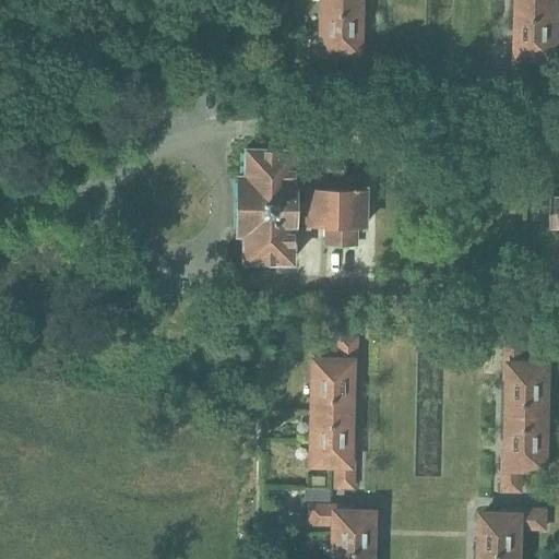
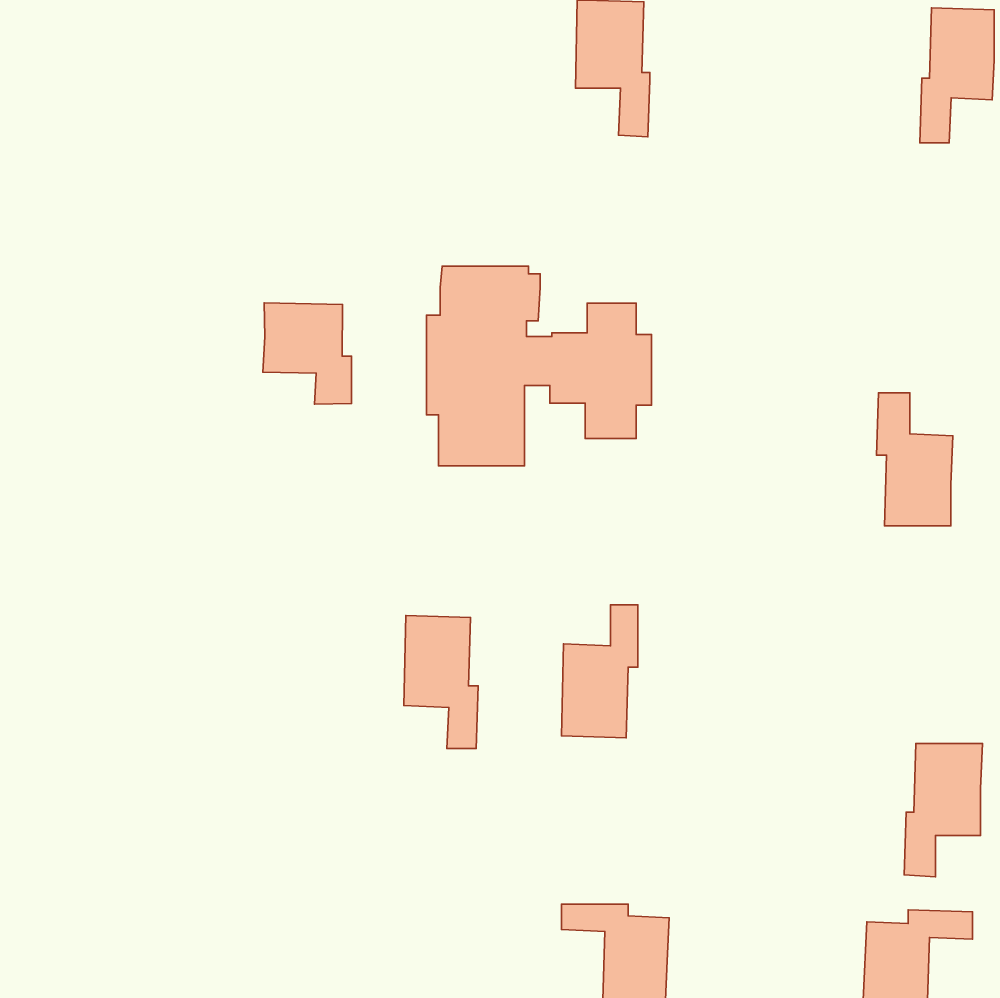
building: none -> [263,303,351,404]
building: [507,342,549,416] -> [877,393,953,526]
building: [312,412,354,486] -> [404,615,478,749]

